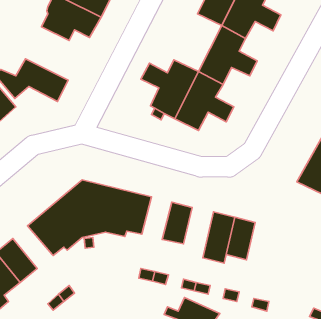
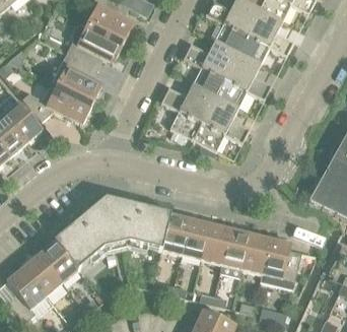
building: none -> [184,40,238,94]
building: none -> [52,52,102,103]
building: none -> [162,213,191,254]
building: none -> [202,223,230,263]
building: none -> [260,238,302,287]
building: none -> [40,241,77,281]

